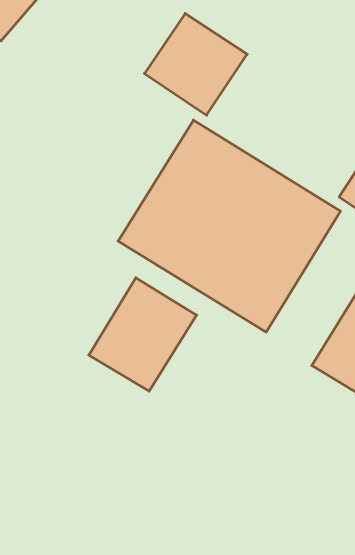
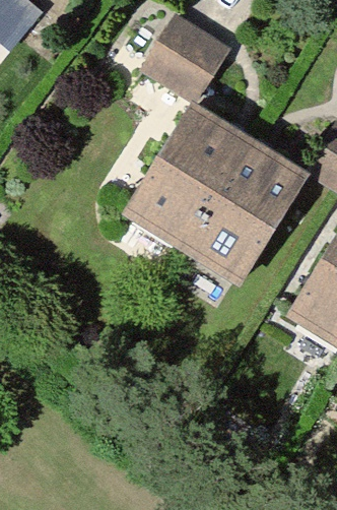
building: [89,278,197,391] -> none

